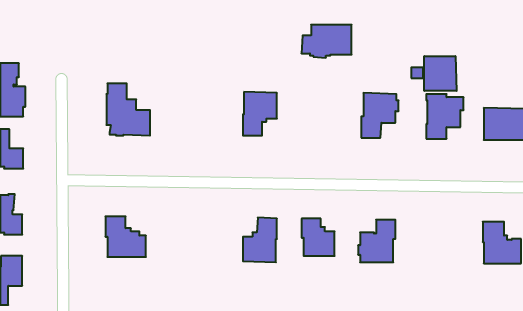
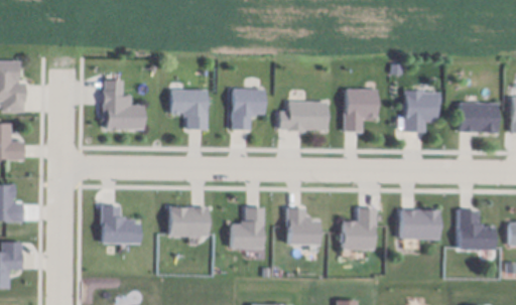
building: [301,25,352,58] -> [278,102,326,133]
building: [424,56,457,91] -> none
building: none -> [169,90,206,129]
building: none -> [169,206,207,237]
building: none -> [400,209,439,239]

